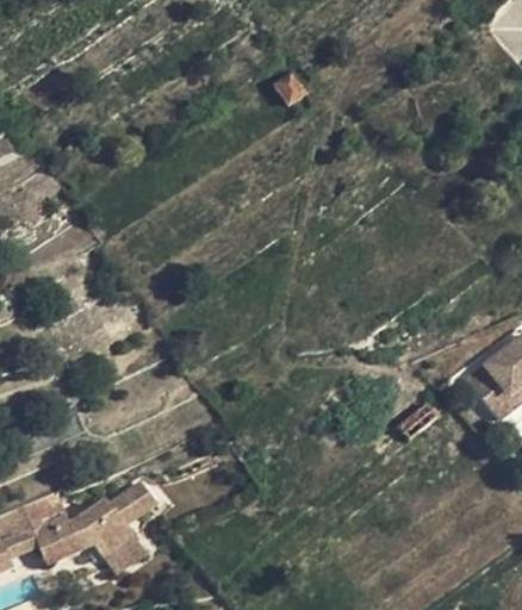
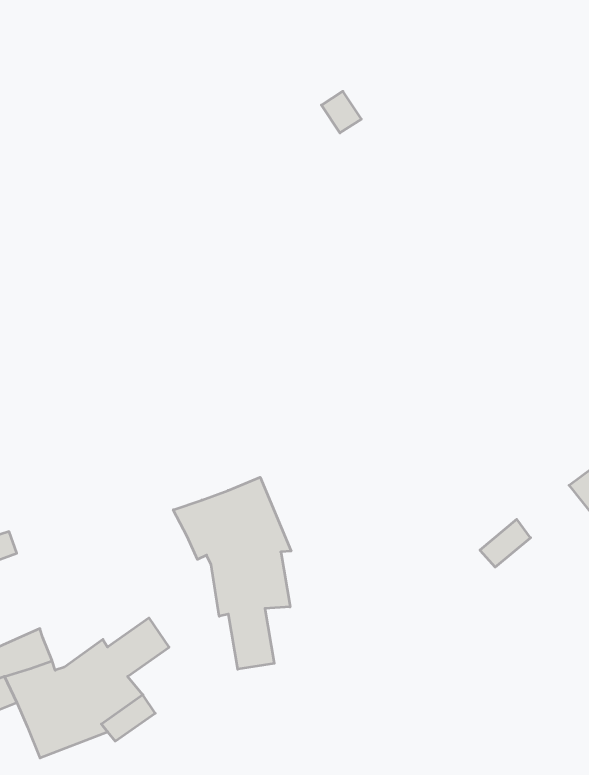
building: none -> [173,477,291,669]

